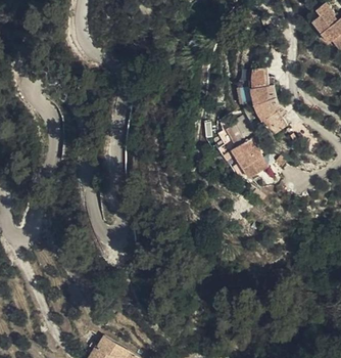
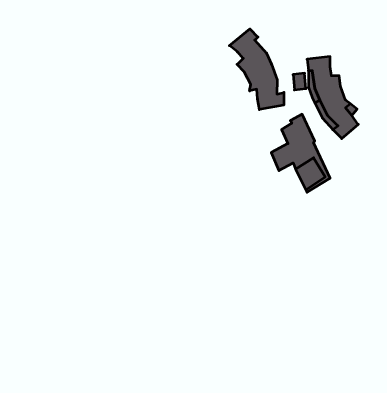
building: none -> [229,29,284,110]

